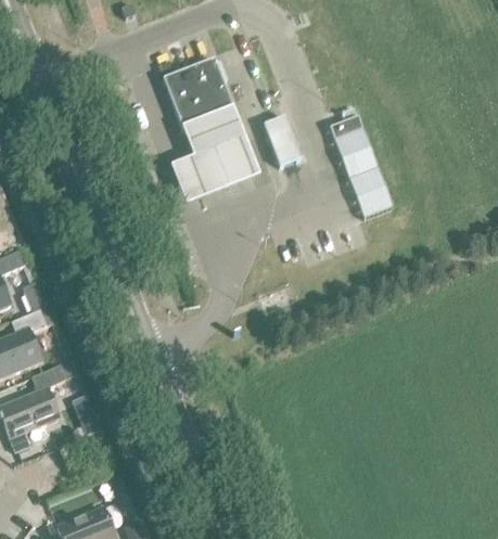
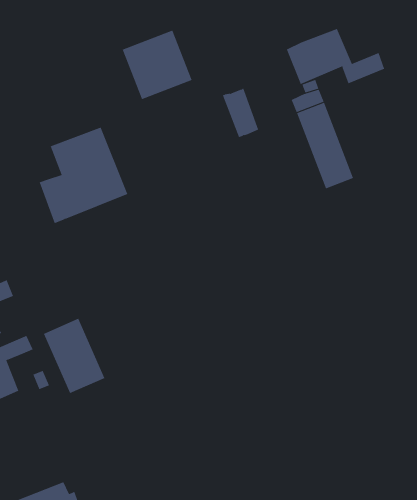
building: none -> [286,28,385,85]
building: [170,107,259,204] -> [39,127,128,224]
building: none -> [43,318,105,394]

